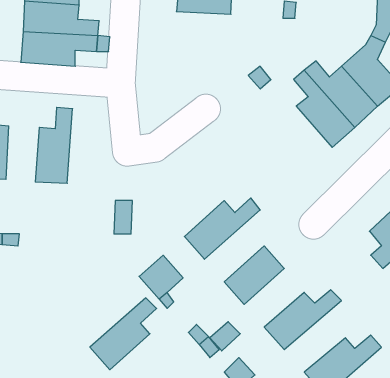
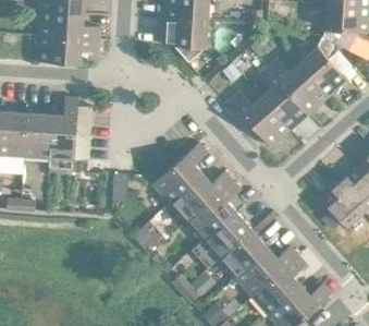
building: none -> [162,19,208,62]
building: none -> [231,92,291,146]
building: none -> [24,112,51,158]
building: none -> [152,143,208,203]
building: none -> [219,229,268,277]
building: [90,298,157,370] -> [186,181,241,240]
building: none -> [251,255,306,314]

